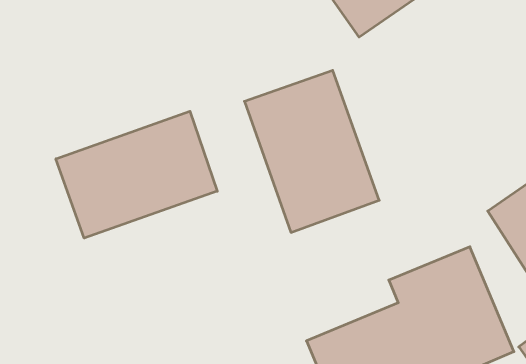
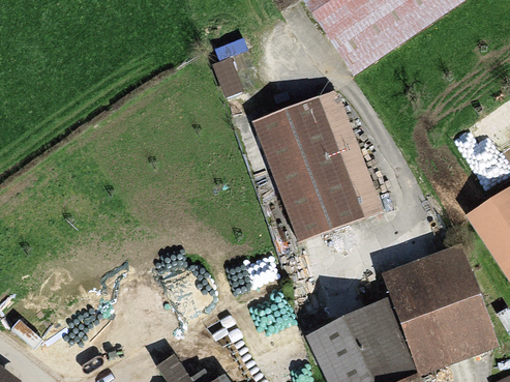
building: [56,111,217,238] -> none

